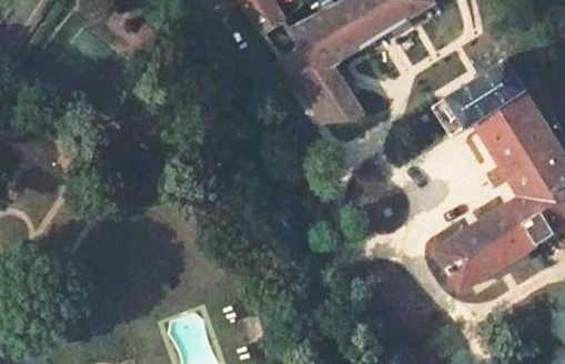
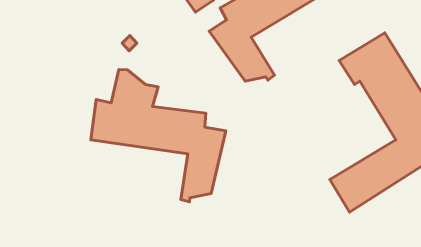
building: none -> [91,70,226,202]

